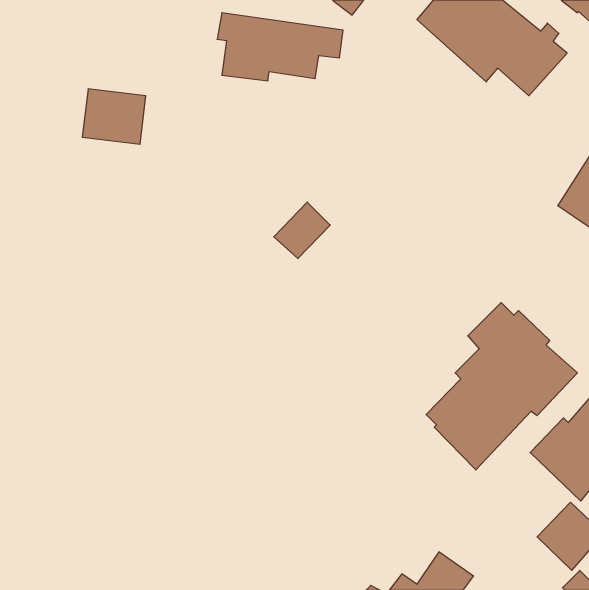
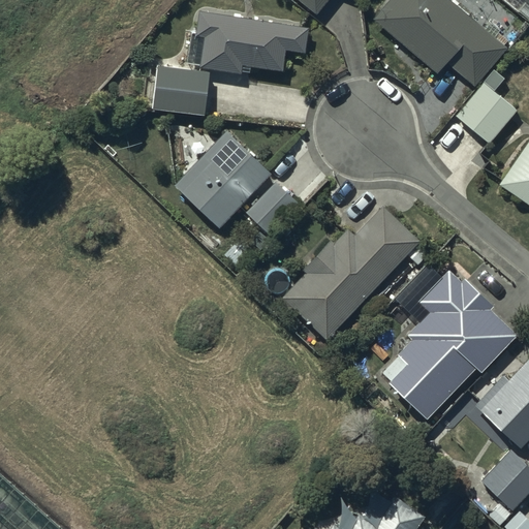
building: [82,89,146,144] -> [152,65,209,115]
building: none -> [456,82,517,143]
building: none -> [175,130,271,228]
building: none -> [283,207,421,338]

